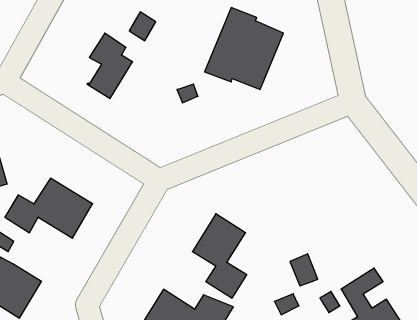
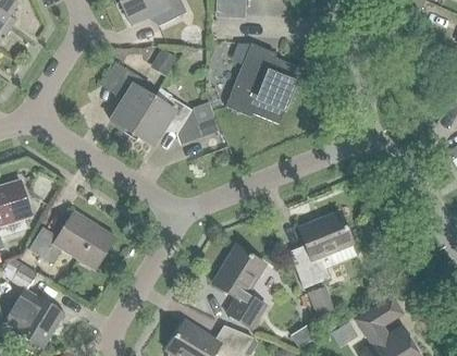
building: none -> [132,95,192,146]
building: none -> [288,210,351,286]

